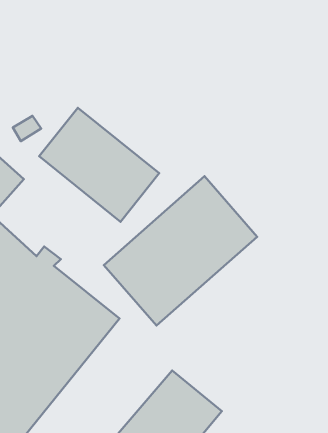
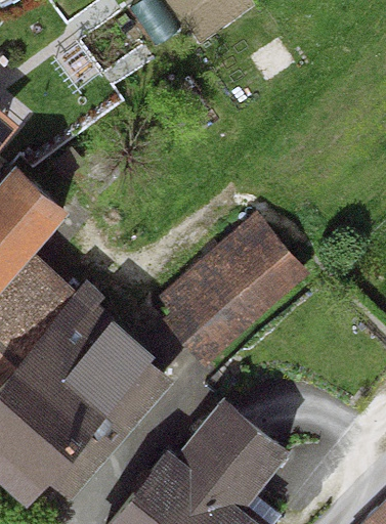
building: [39,108,159,222] -> none

